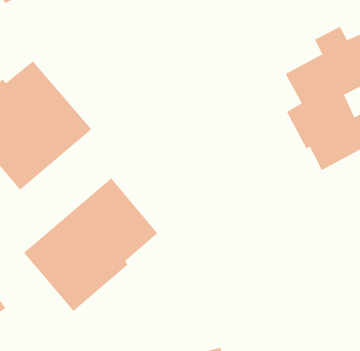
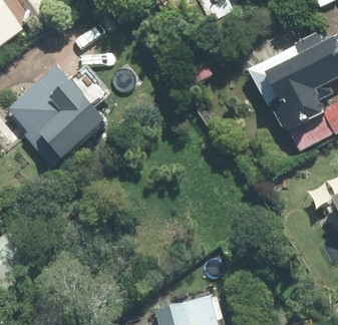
building: [23,178,158,312] -> none

